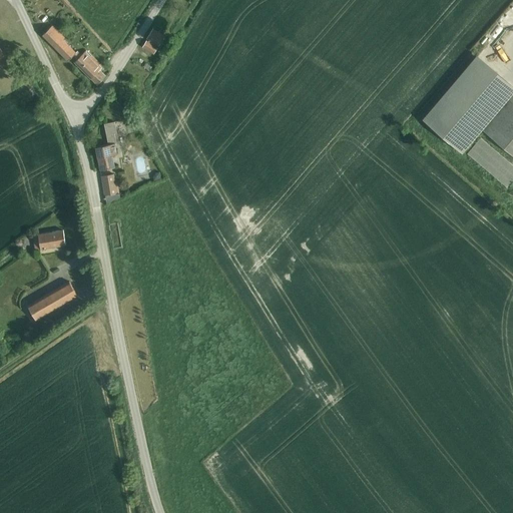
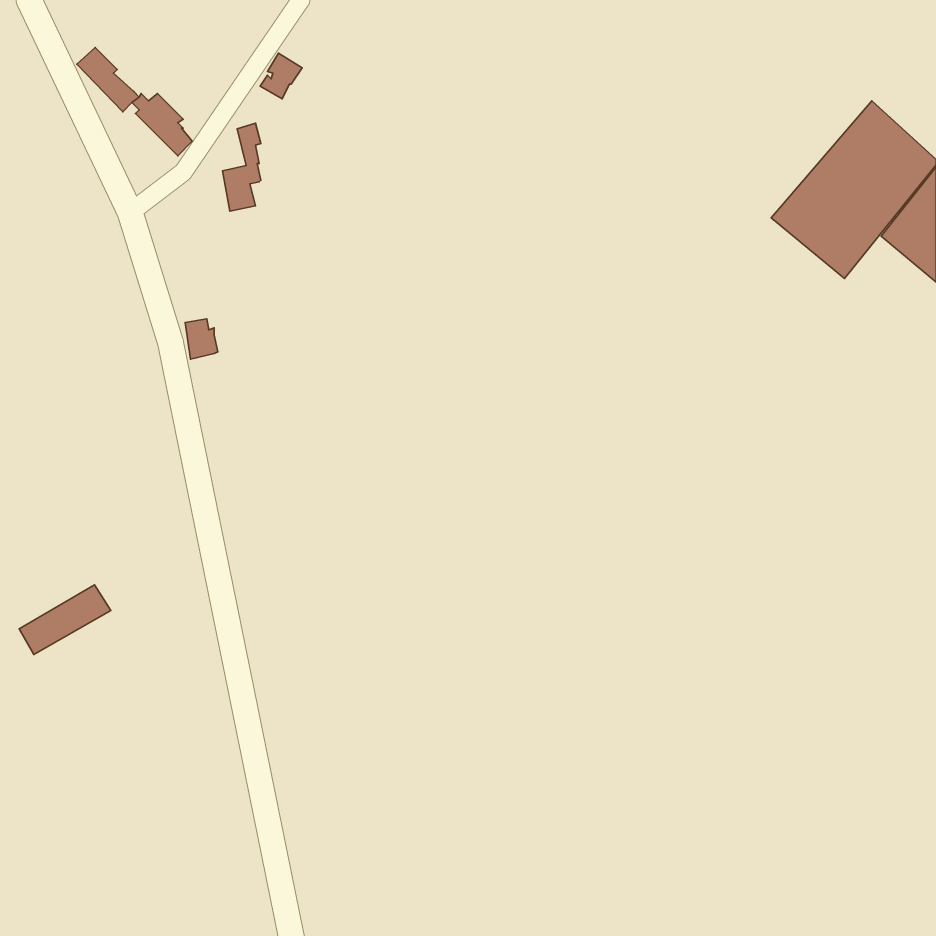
building: [96,122,117,170] -> [222,123,261,211]
building: [38,230,66,249] -> none
building: [28,283,78,321] -> [19,585,111,655]

